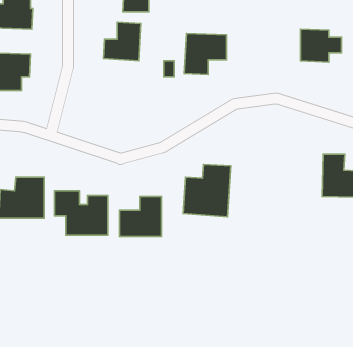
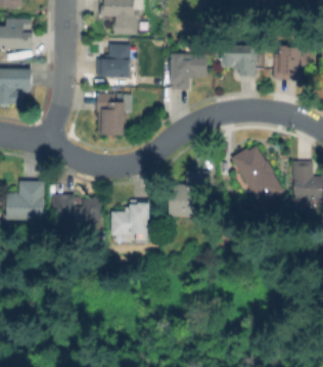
building: none -> [231,47,256,75]
building: none -> [98,87,130,133]
building: none -> [230,145,283,205]

